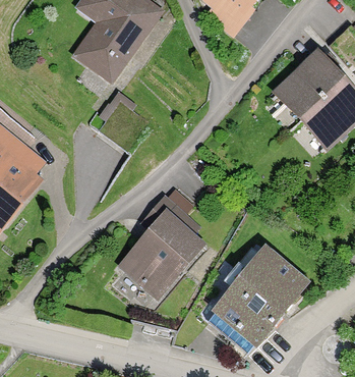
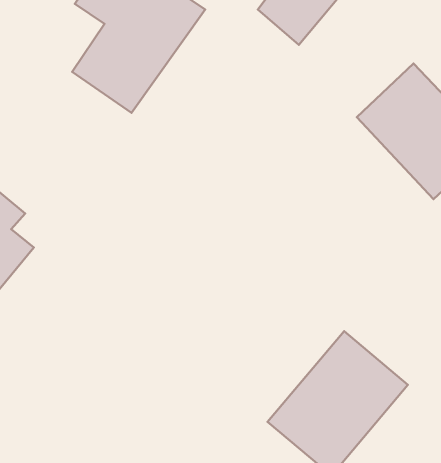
building: [118,185,210,301] -> none

